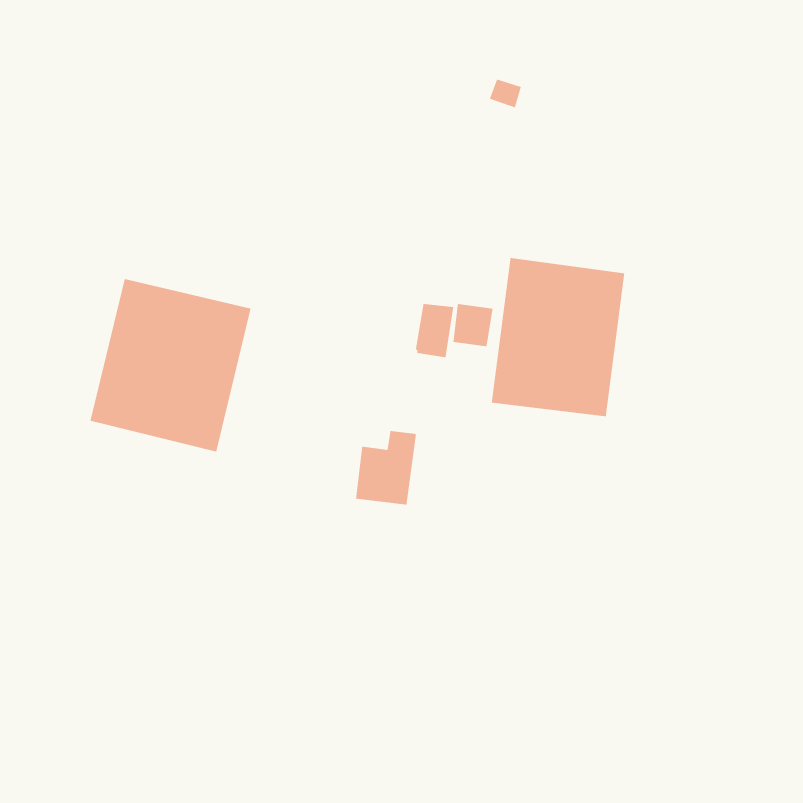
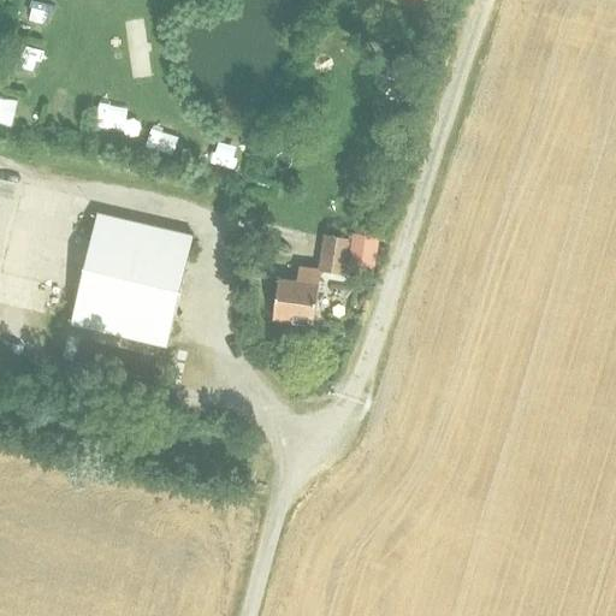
building: [491,257,625,417] -> none
building: [355,430,417,506] -> [272,266,319,324]

